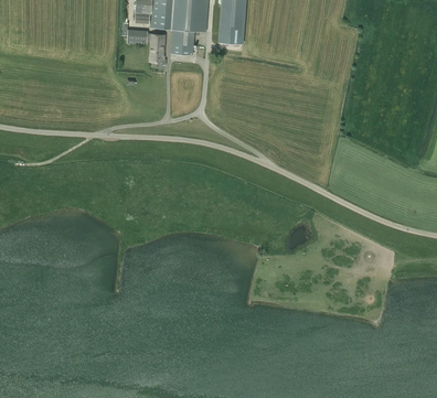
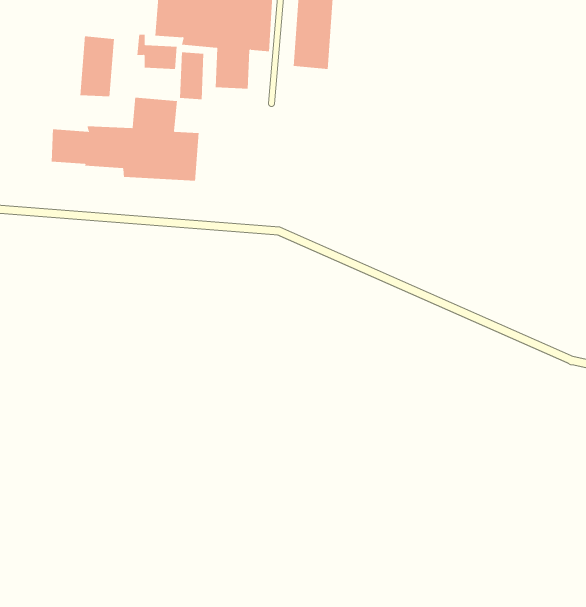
building: none -> [80,36,114,97]
building: none -> [51,97,199,181]

